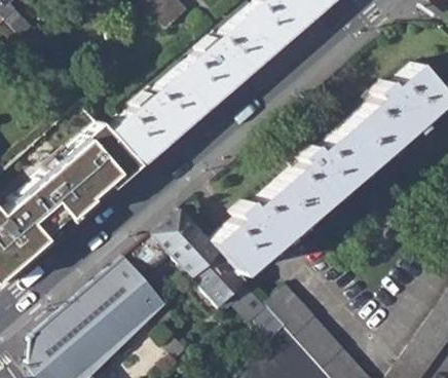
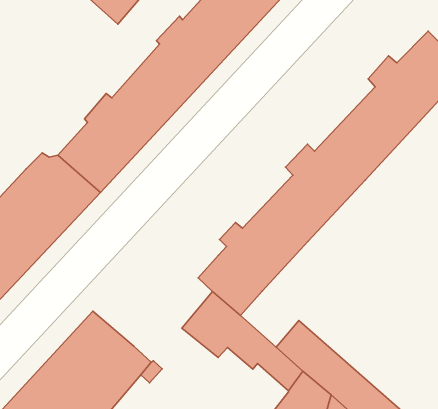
building: [151,210,221,280] -> none

